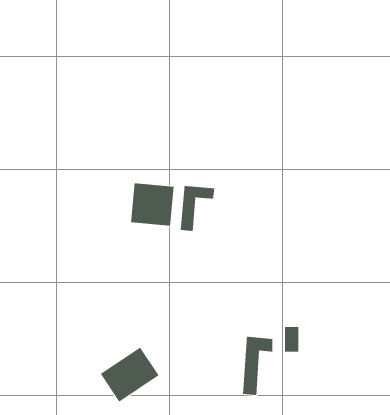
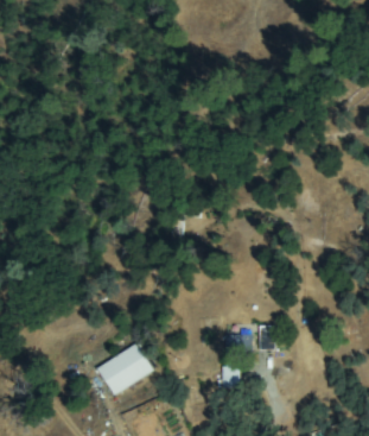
building: [131,183,174,226] -> none

